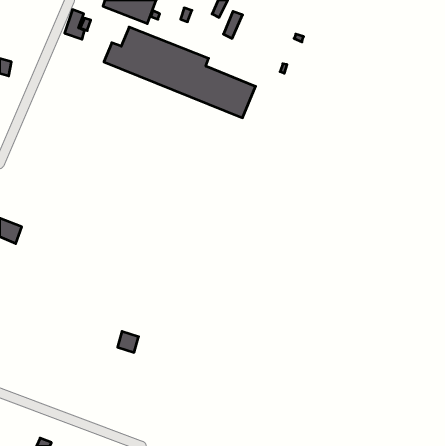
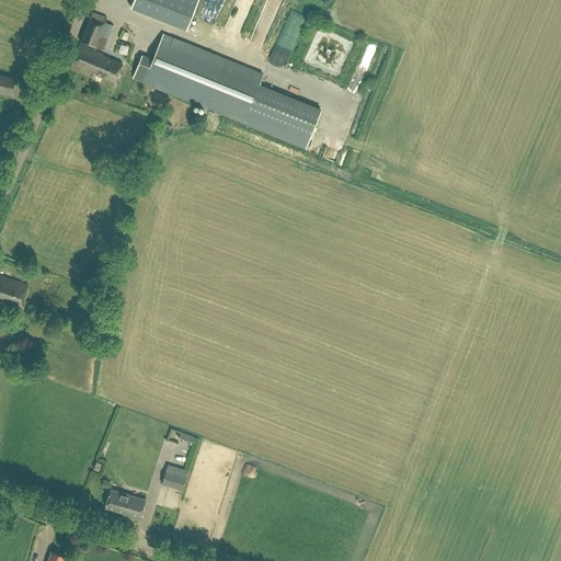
building: none -> [69,44,122,81]
building: [118,331,139,352] -> [161,463,187,490]
building: none -> [104,489,145,520]

